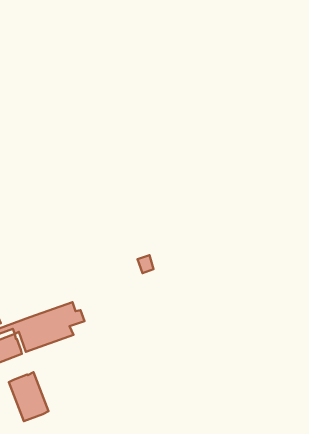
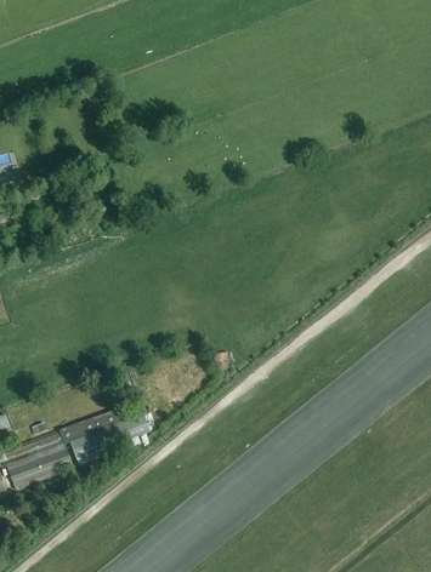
building: [9,372,48,421] -> none

